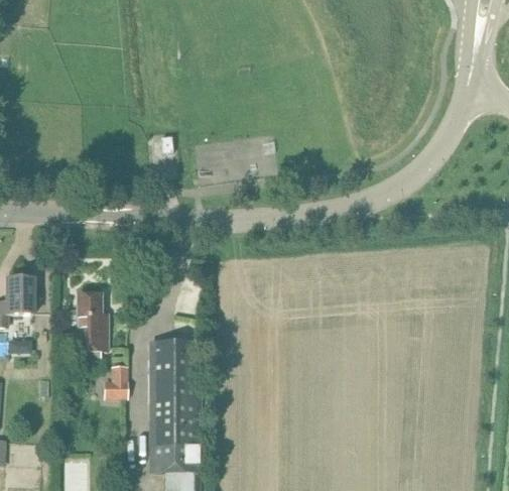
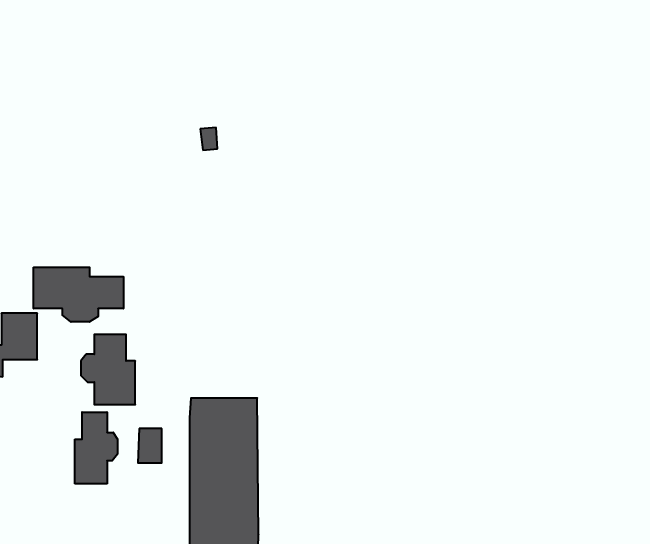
building: none -> [34,267,123,322]
building: none -> [75,412,117,484]

